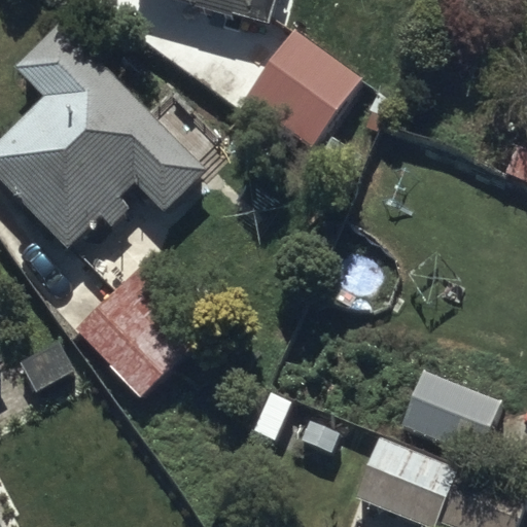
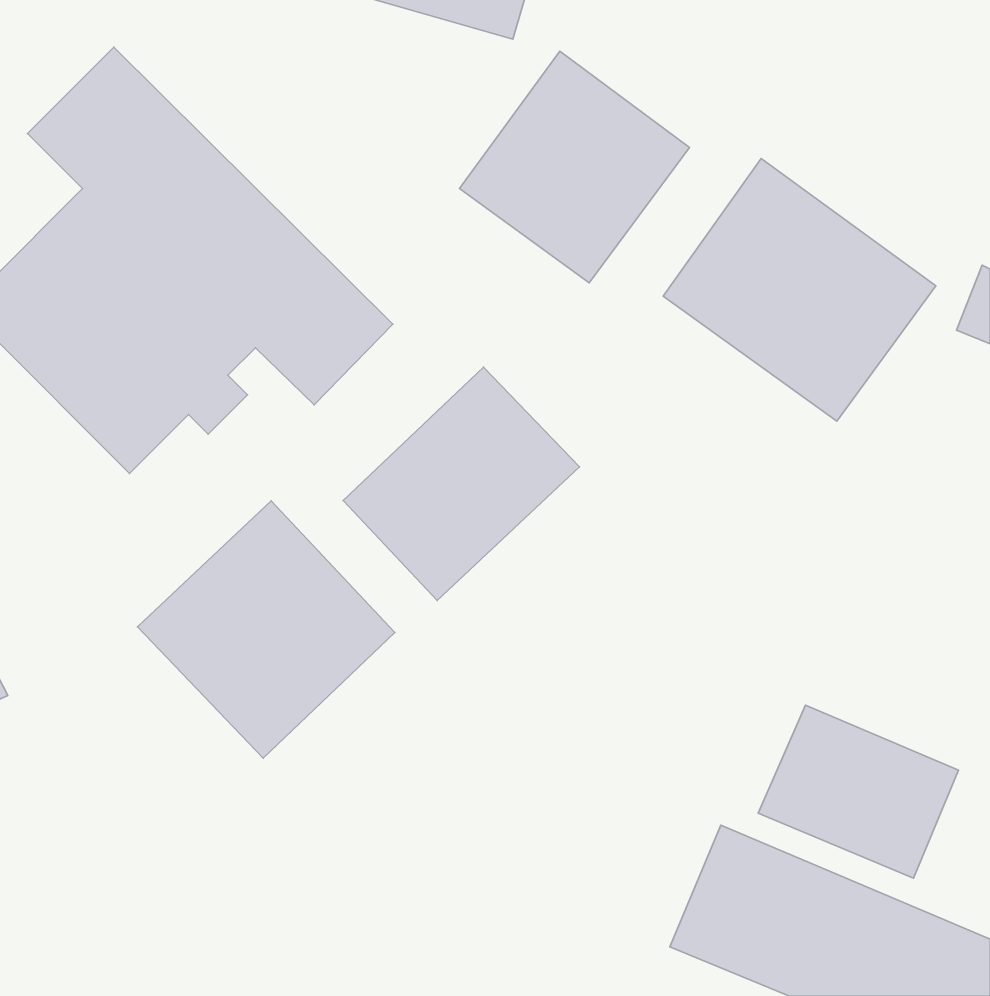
building: none -> [663,159,936,421]
building: none -> [343,367,579,601]

